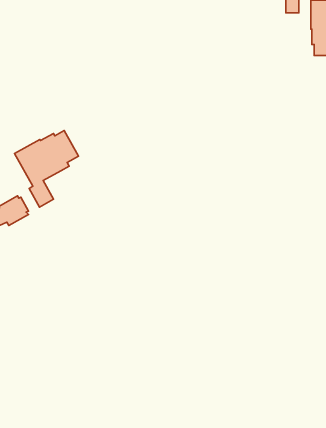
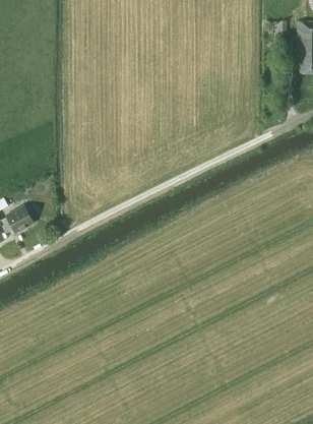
building: [15,130,78,207] -> none

